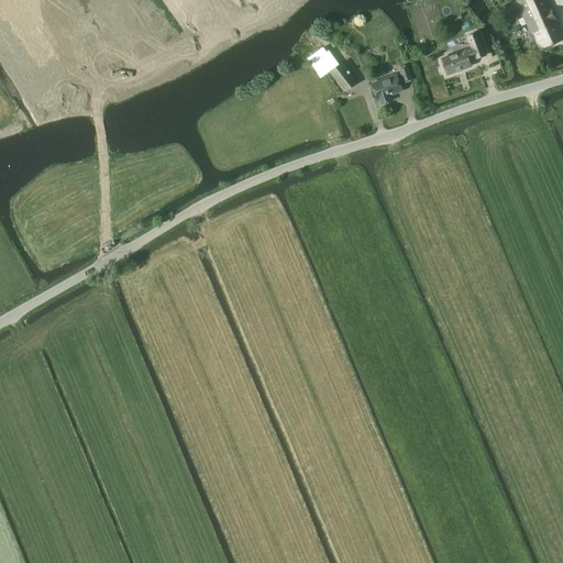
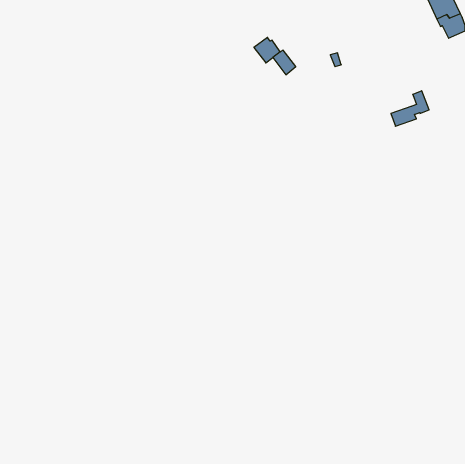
building: [441,30,487,73] -> [391,91,429,126]
building: [372,73,402,102] -> none

